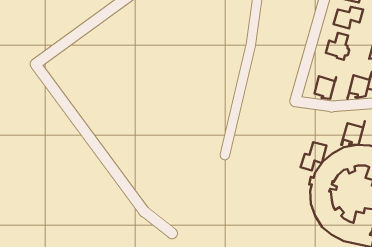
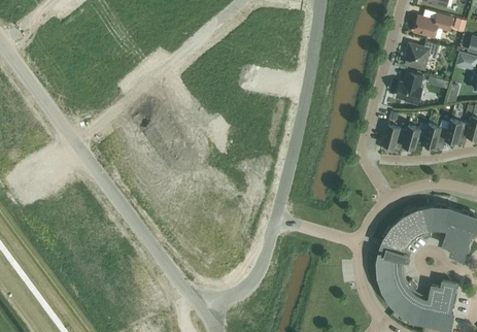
building: [341,121,365,145] -> [401,124,429,152]
building: [301,142,326,170] -> none

